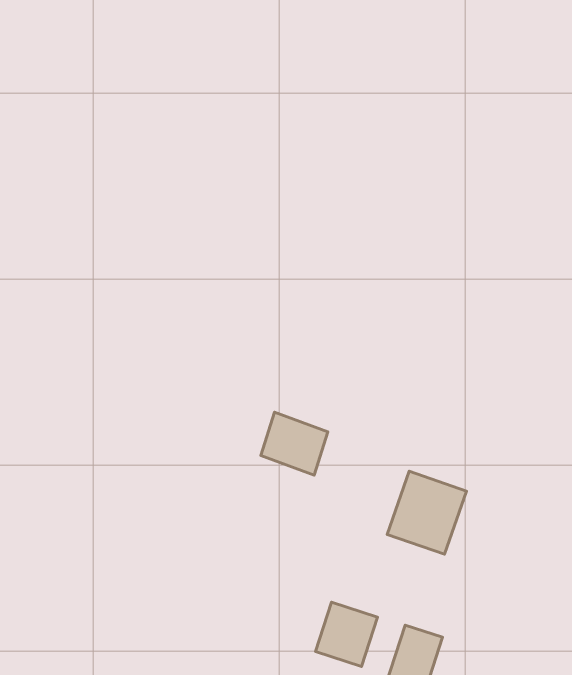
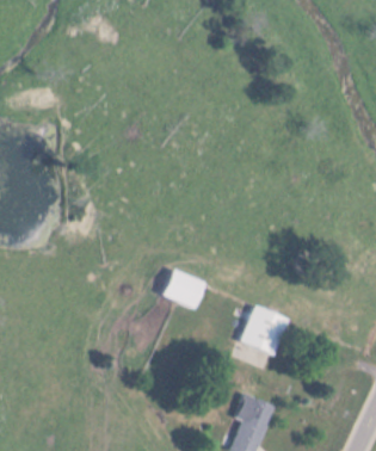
building: [315,602,378,666] -> none

